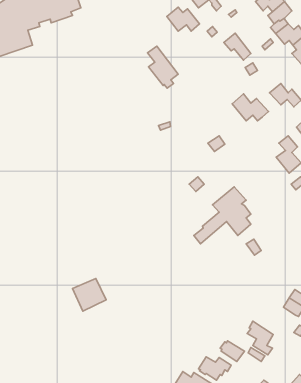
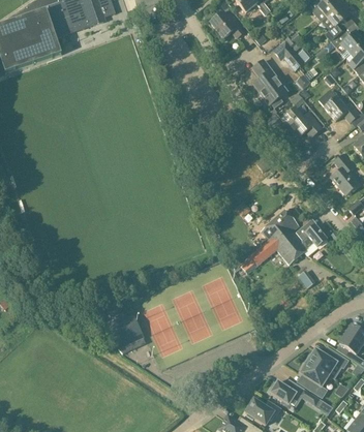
building: [147,46,178,88] -> [252,61,286,107]
building: none -> [296,222,326,255]
building: none -> [305,348,347,374]

